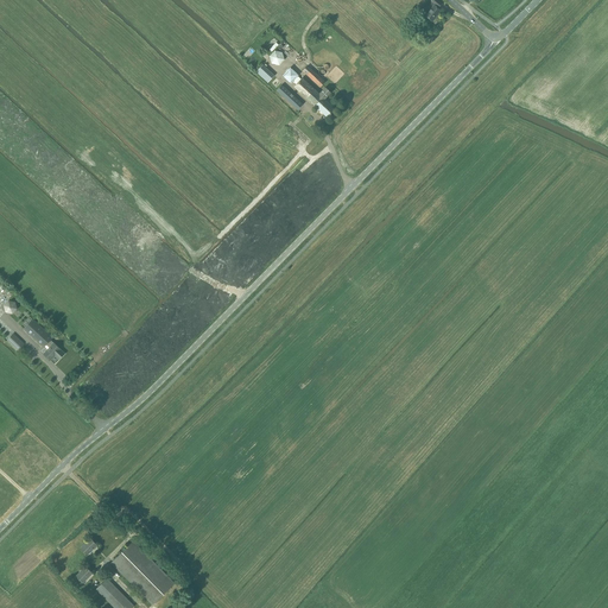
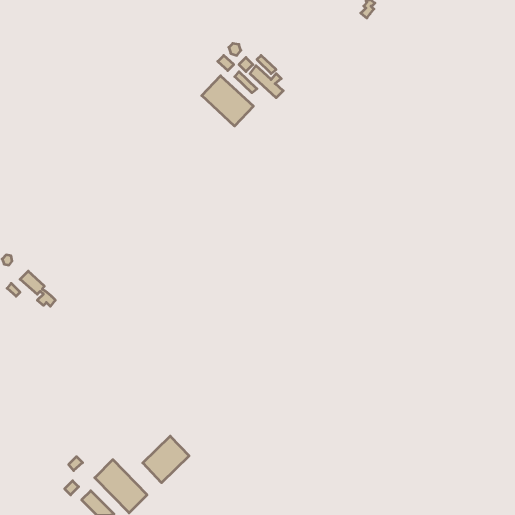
building: none -> [202,76,253,126]
building: none -> [143,436,189,483]

